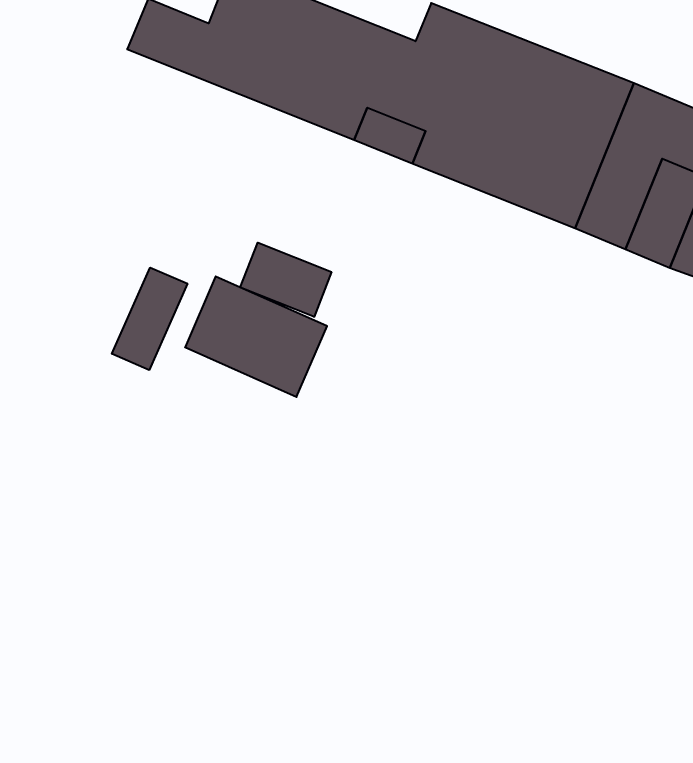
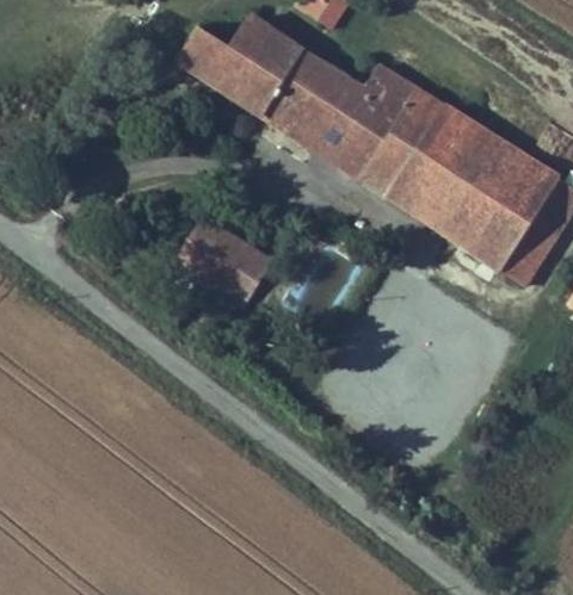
building: [240,243,331,317] -> none
building: [112,268,187,370] -> none

